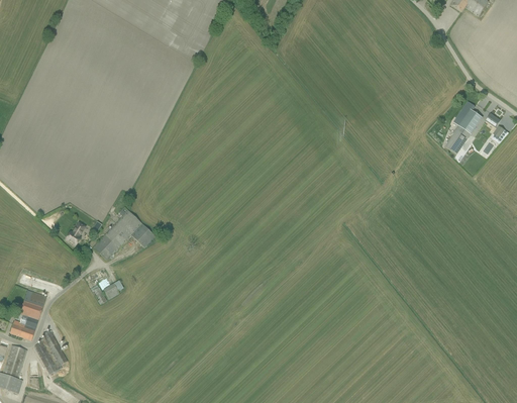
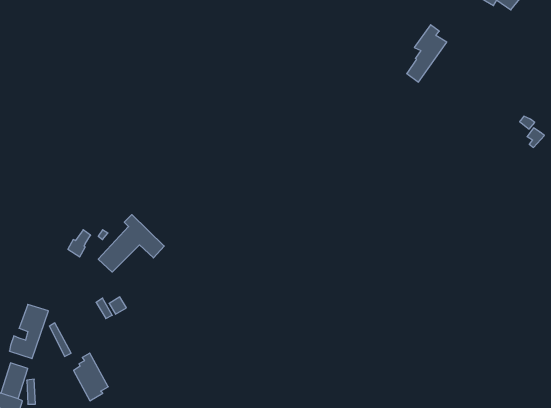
building: [444,100,482,154] -> [407,25,447,82]
building: [33,329,66,374] -> [74,353,108,401]

